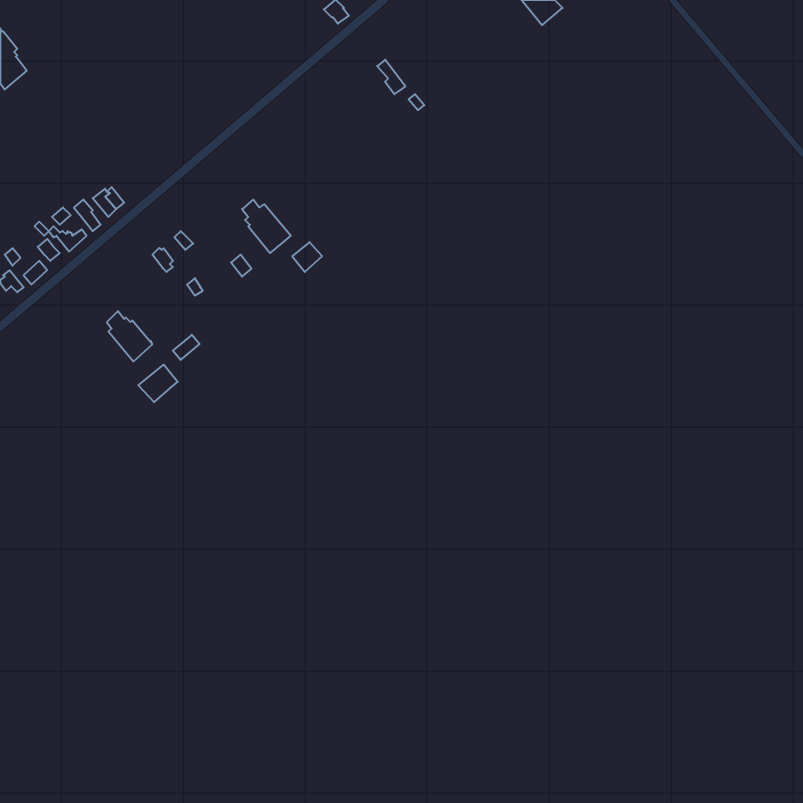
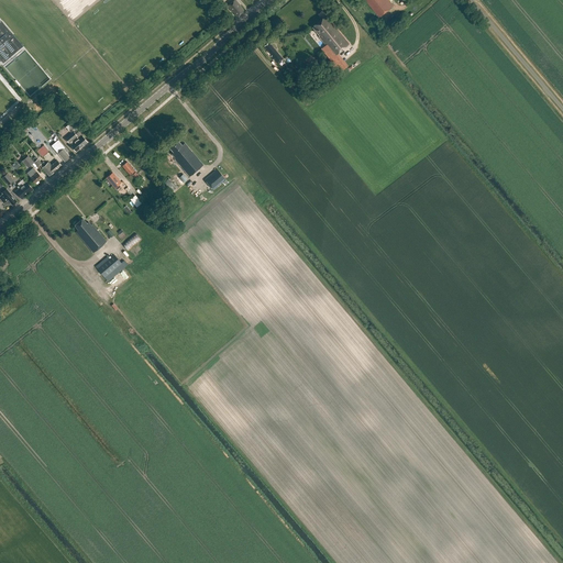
building: none -> [312,15,350,56]

